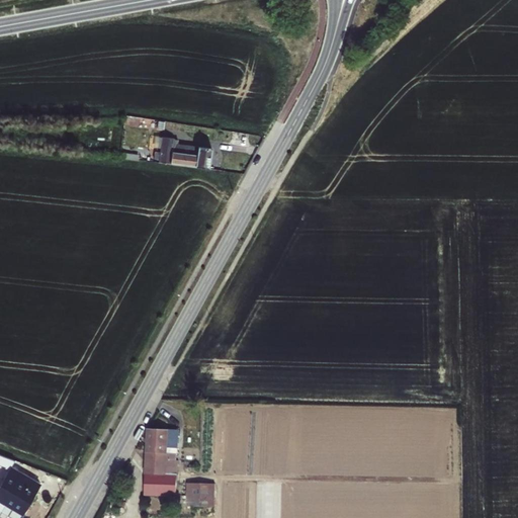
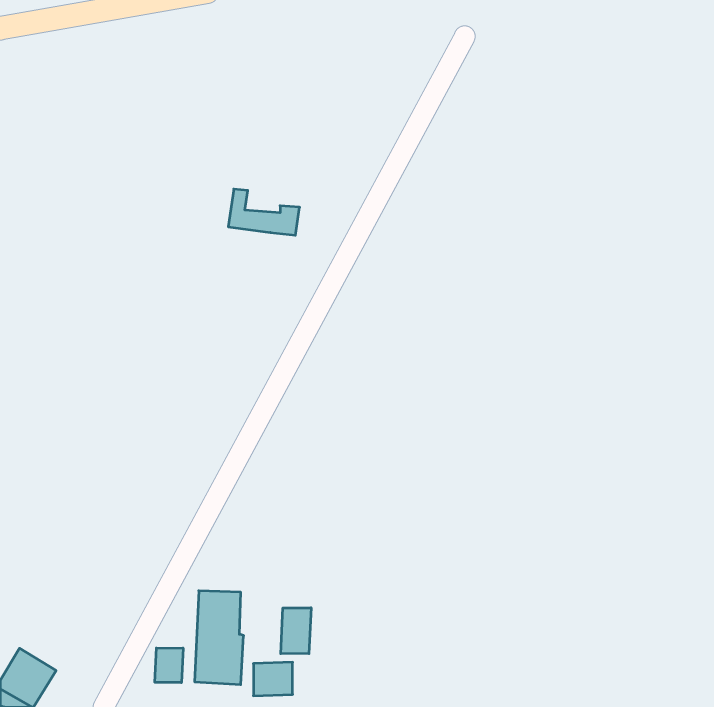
building: none -> [281,608,311,654]
building: none -> [155,648,183,683]

